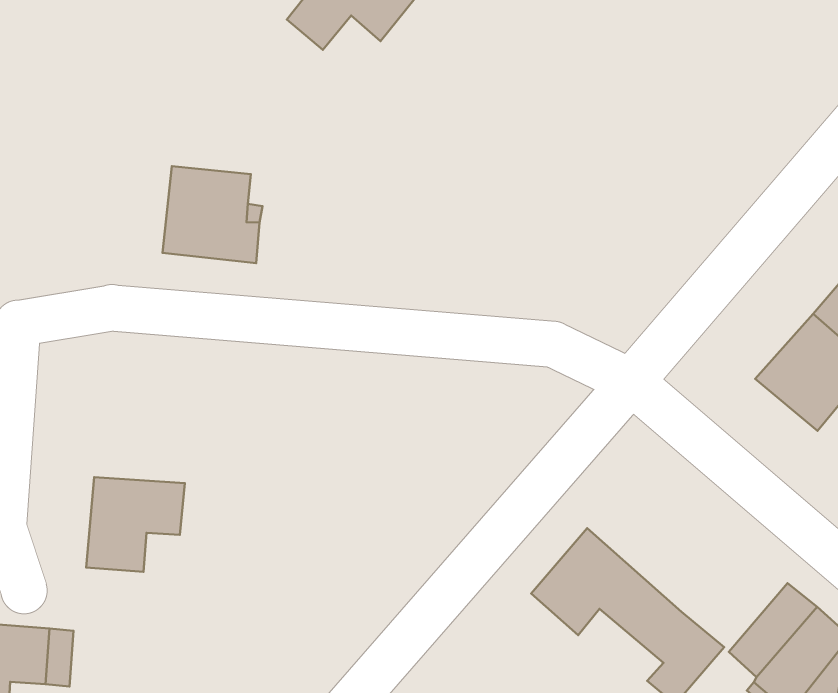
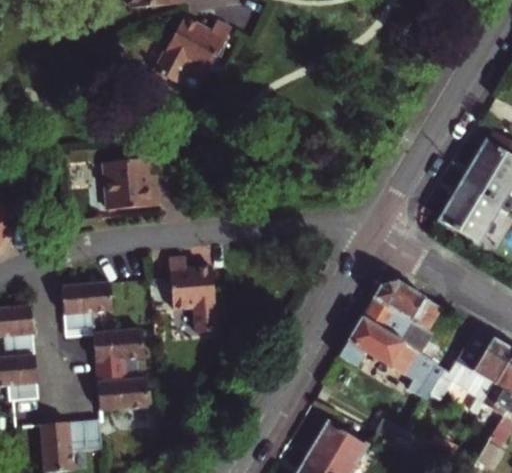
building: none -> [169,256,216,331]
building: none -> [61,282,112,329]
building: none -> [362,280,439,352]
building: none -> [98,378,150,411]

